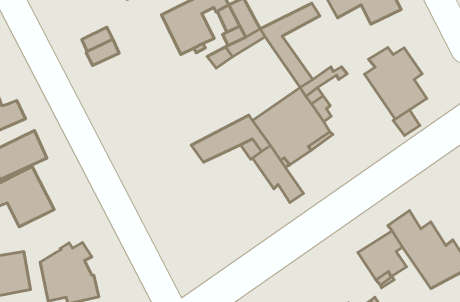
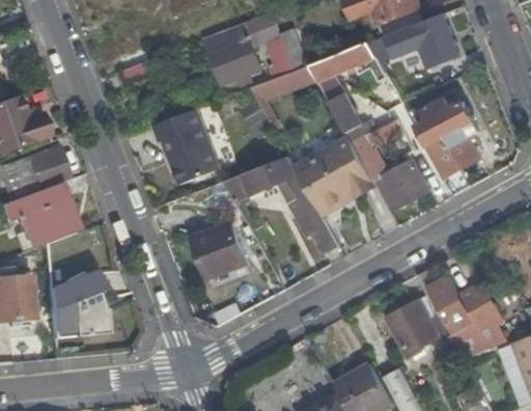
building: none -> [152,110,218,185]
building: none -> [375,160,428,210]
building: none -> [190,222,246,279]

